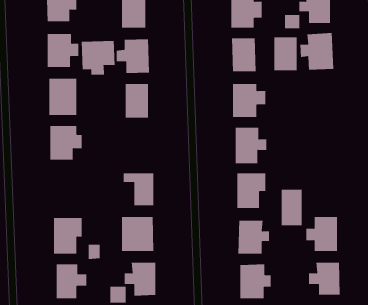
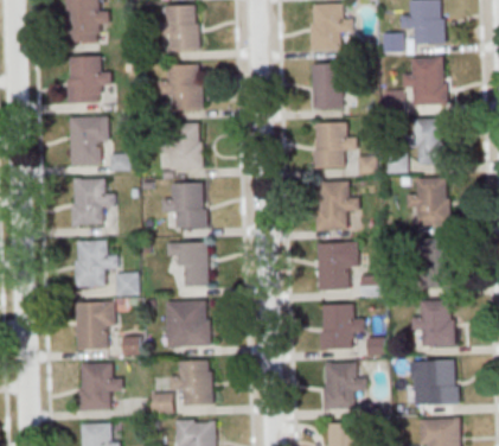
building: [273,37,298,71] -> [415,119,447,164]
building: [81,40,115,76] -> none
building: none -> [408,178,449,225]
building: none -> [164,183,207,228]
building: none -> [73,240,137,294]
building: [281,189,302,226] -> [423,238,452,287]

